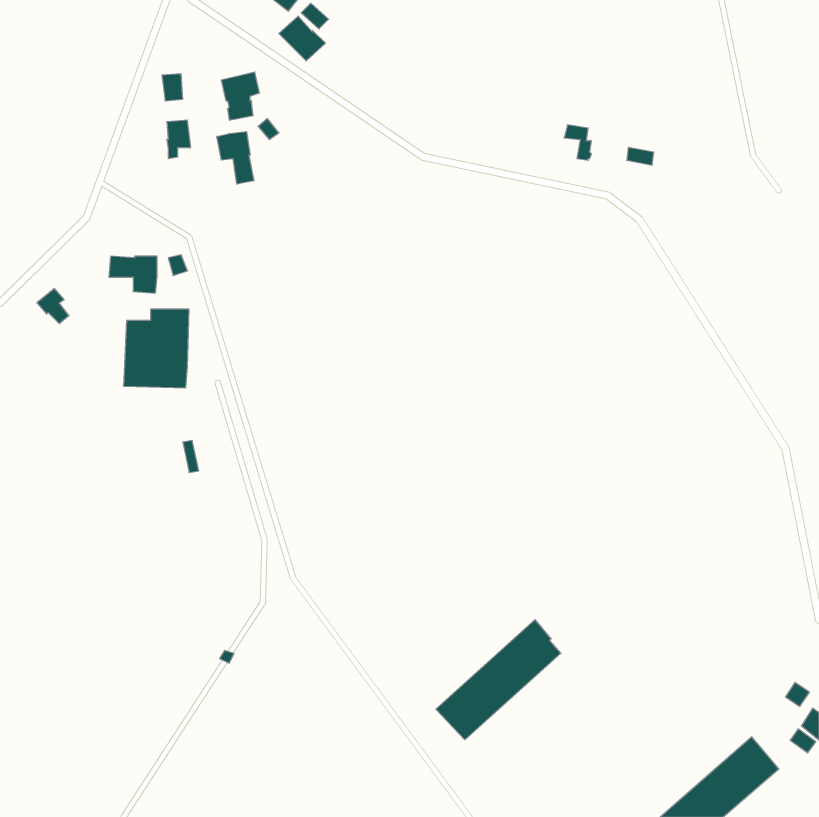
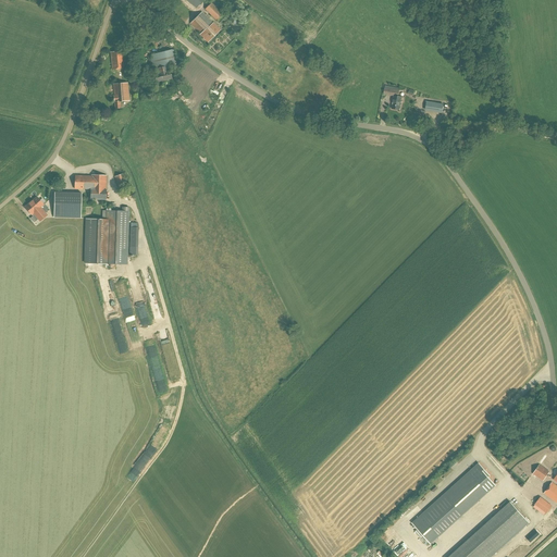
building: [217,132,254,184] -> none
building: none -> [53,191,82,216]
building: [436,620,561,740] -> [411,461,496,543]

